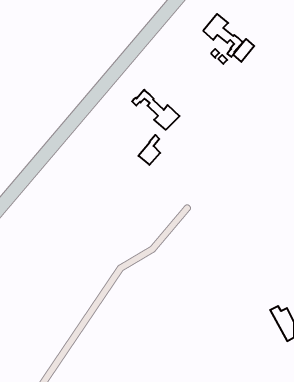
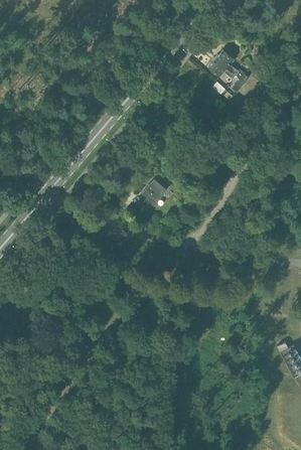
building: [132,90,180,130] -> none

